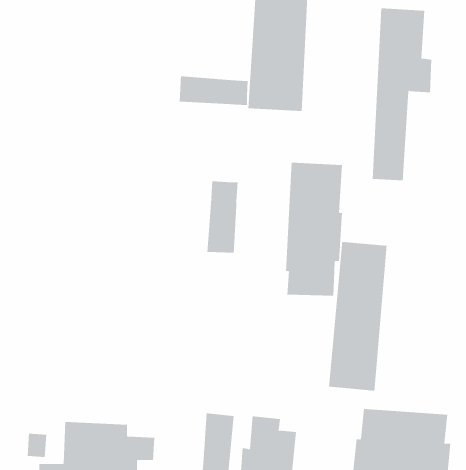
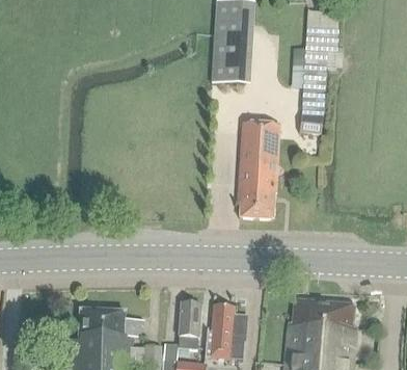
building: [179,76,248,106] -> none
building: [207,181,238,254] -> none
building: [328,241,387,391] -> none

